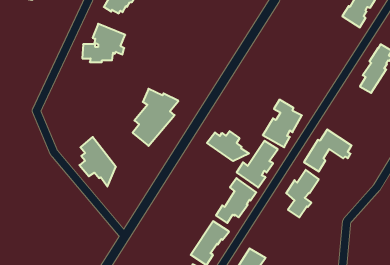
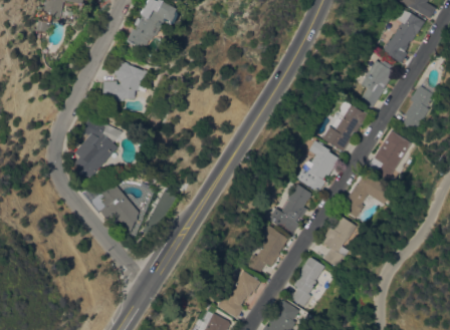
building: none -> [360,59,393,107]
building: none -> [321,104,368,151]
building: [133,89,178,146] -> [72,118,122,180]
building: none -> [368,131,417,179]
building: [207,131,249,161] -> none
building: none -> [291,257,323,306]

